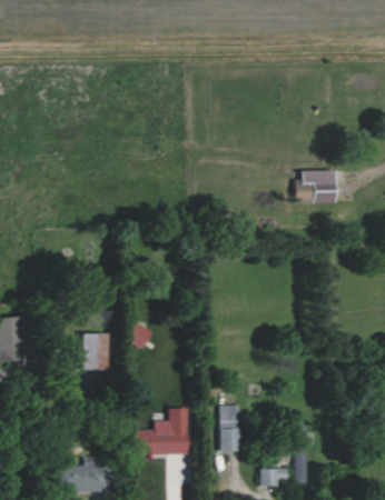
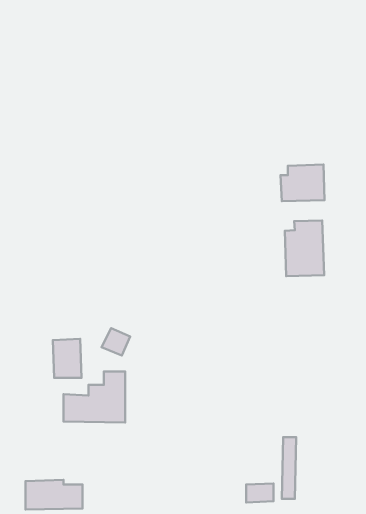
building: none -> [285,221,324,276]
building: [221,404,241,450] -> none
building: [132,408,190,456] -> [64,372,125,423]

